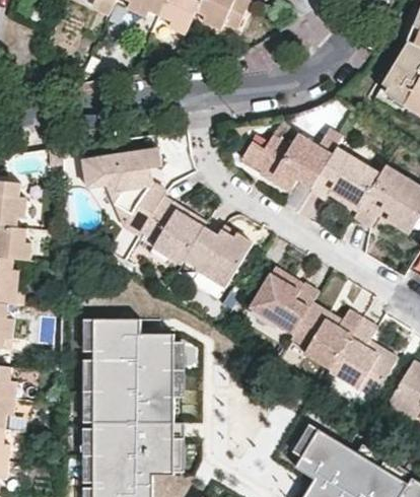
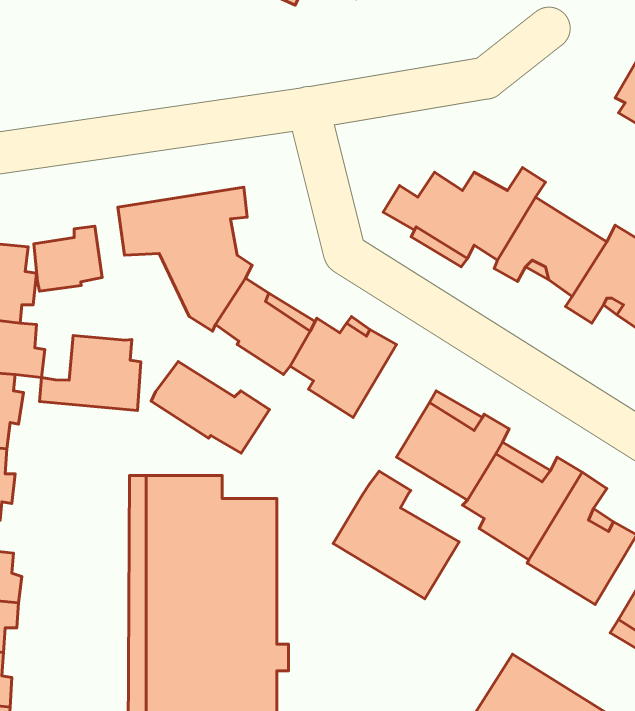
building: none -> [34,226,102,291]
building: none -> [39,336,141,410]
building: none -> [151,361,270,453]
building: none -> [333,471,459,599]

